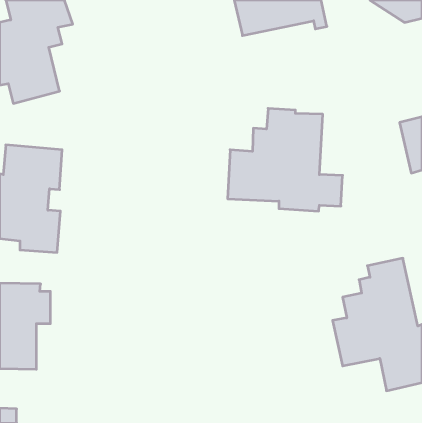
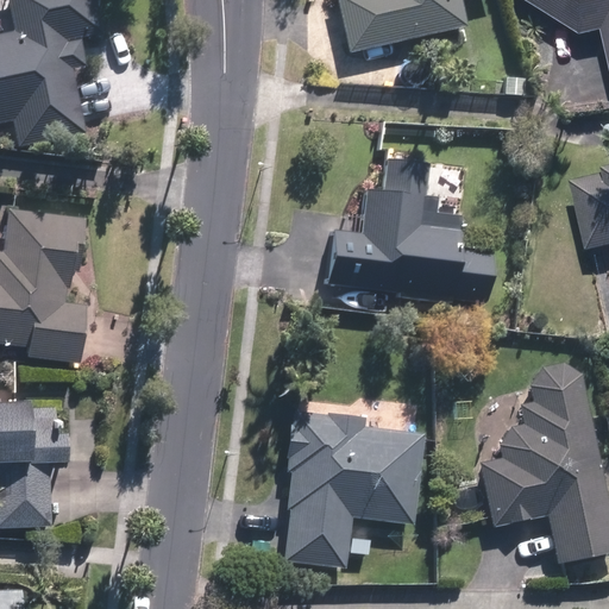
building: none -> [285,409,417,565]

